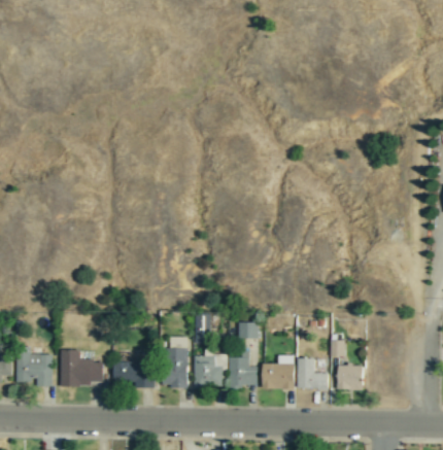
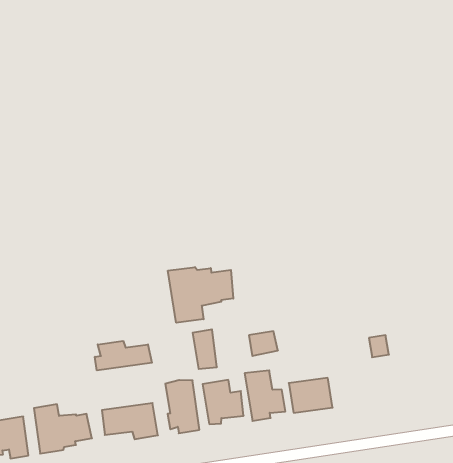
building: none -> [168,267,233,323]
building: none -> [95,341,152,370]
building: [298,359,328,389] -> none
building: [338,364,364,389] -> none

